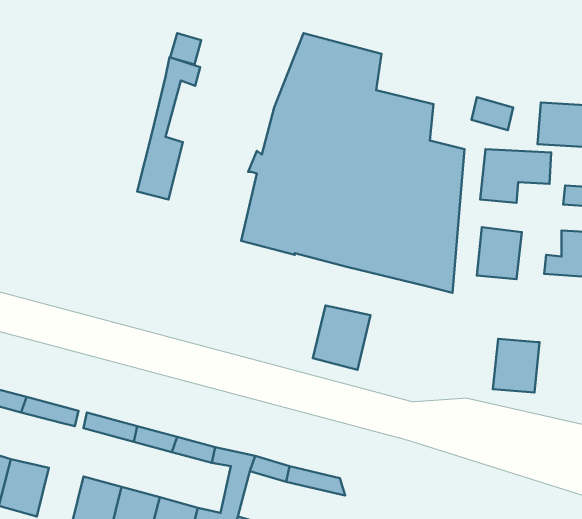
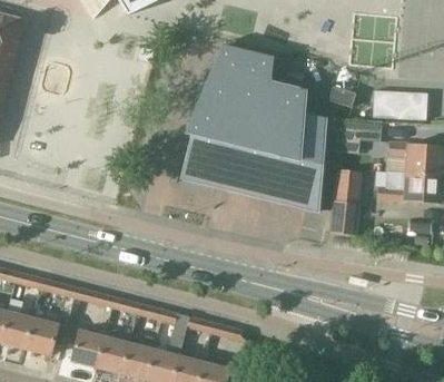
building: [137,57,200,199] -> none
building: [313,305,371,370] -> none
building: [493,339,540,392] -> [329,199,359,234]

